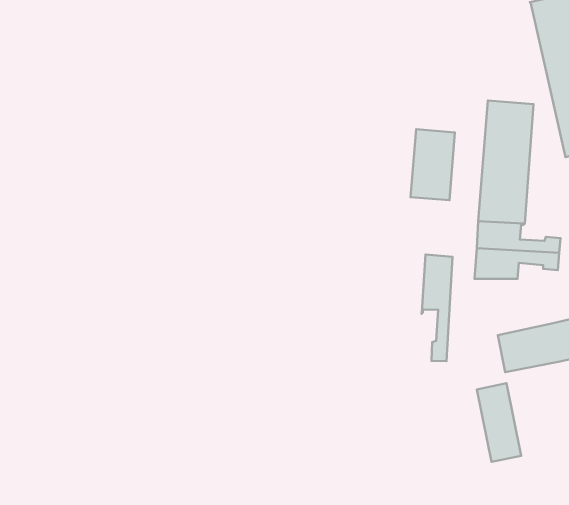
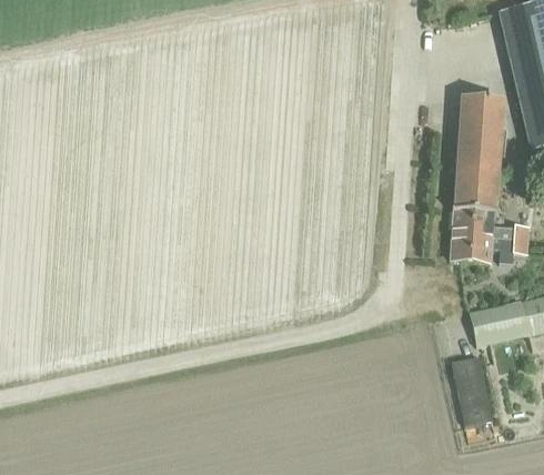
building: [411,129,455,200] -> none
building: [422,255,453,361] -> none

